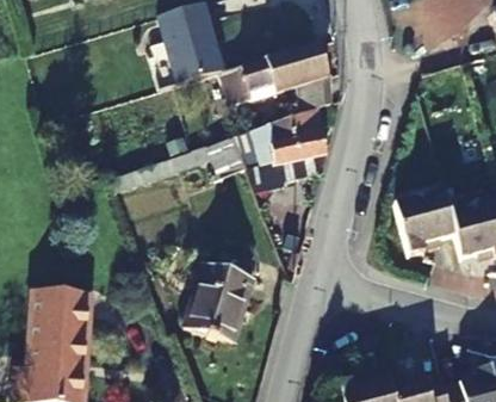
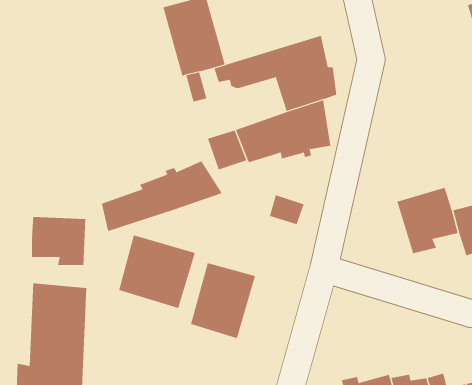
building: none -> [102,161,223,232]
building: none -> [32,216,86,266]
building: none -> [118,235,195,309]

